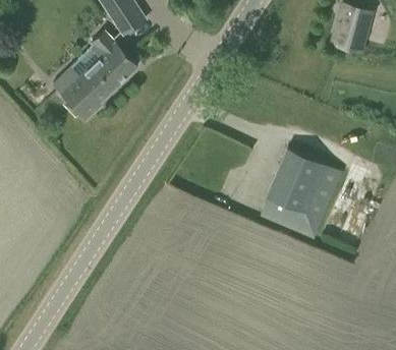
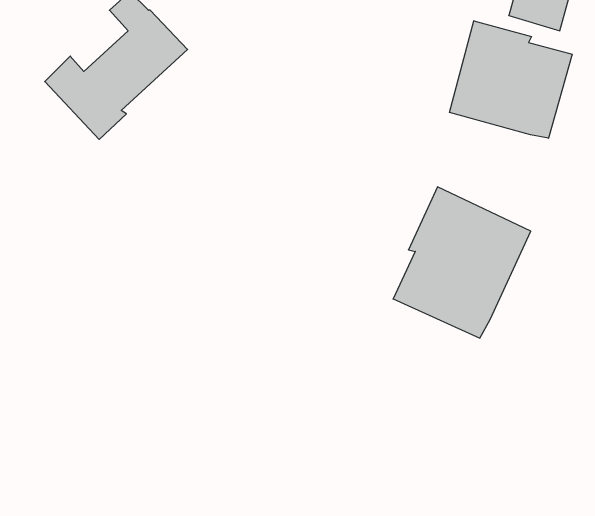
building: none -> [450,21,572,138]

